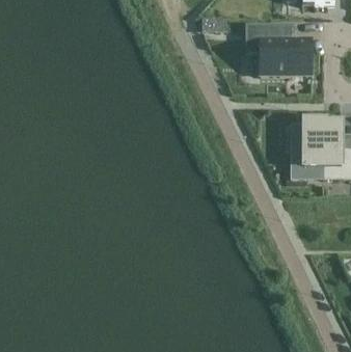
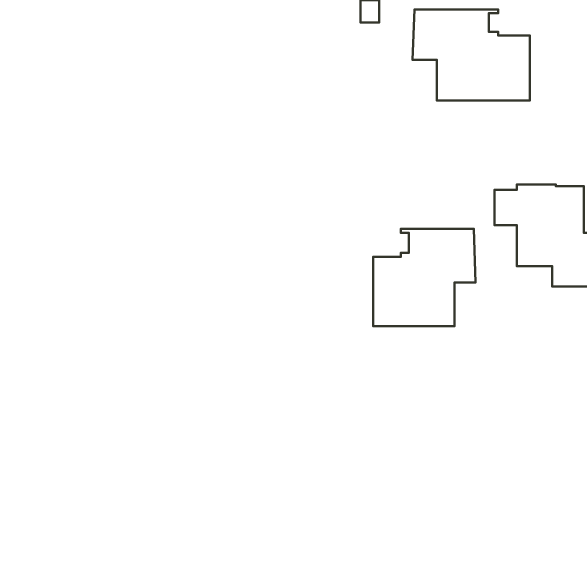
building: none -> [373,229,475,326]

